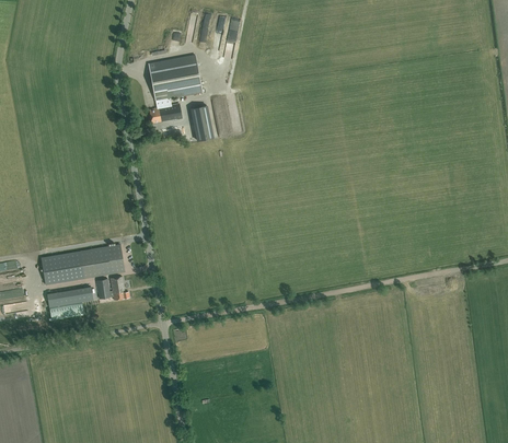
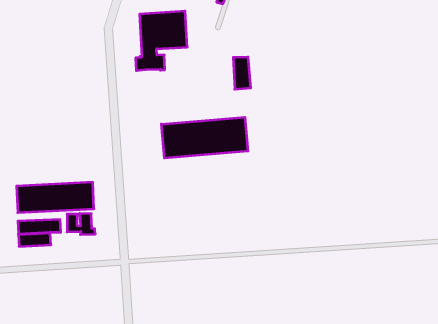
building: [190,106,212,141] -> [233,57,251,89]
building: none -> [161,117,248,158]

